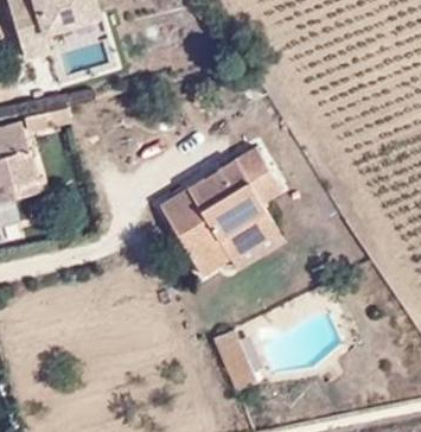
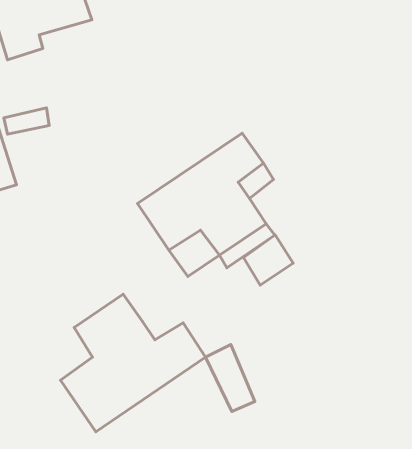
building: none -> [243,235,293,285]
building: none -> [61,294,205,432]

